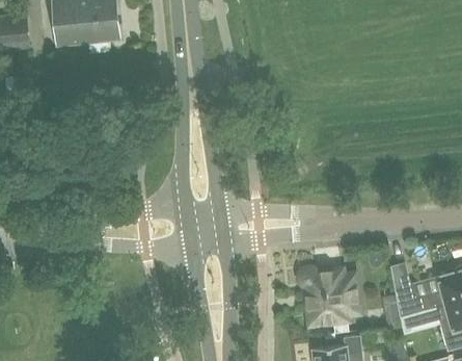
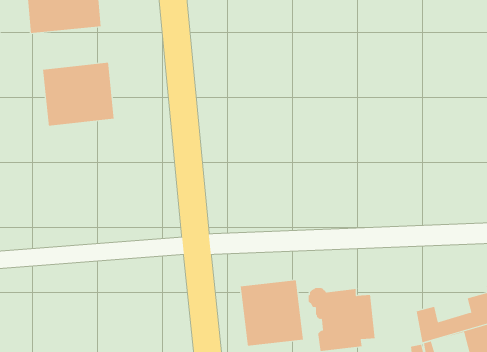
building: none -> [43,62,114,126]
building: none -> [240,280,304,346]

